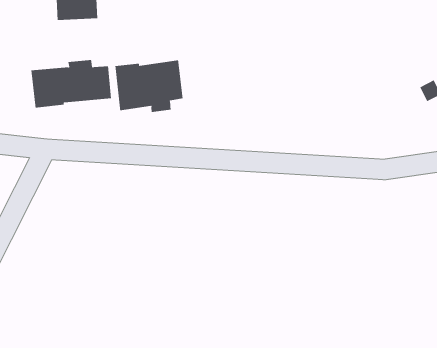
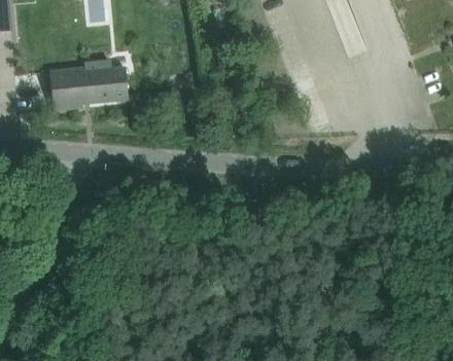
building: [115,60,183,113] -> none

